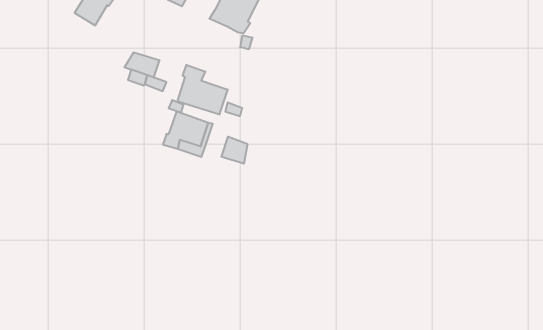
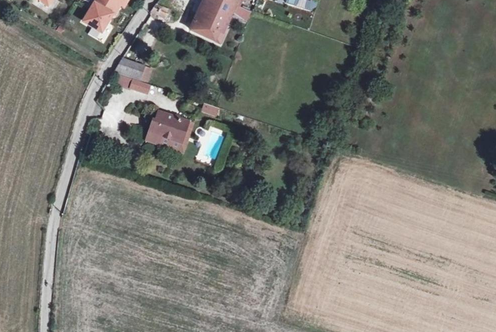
building: [178,65,228,115] -> none
building: [221,137,247,164] -> none

